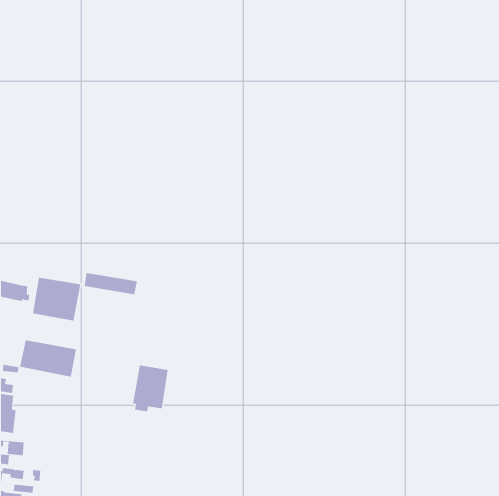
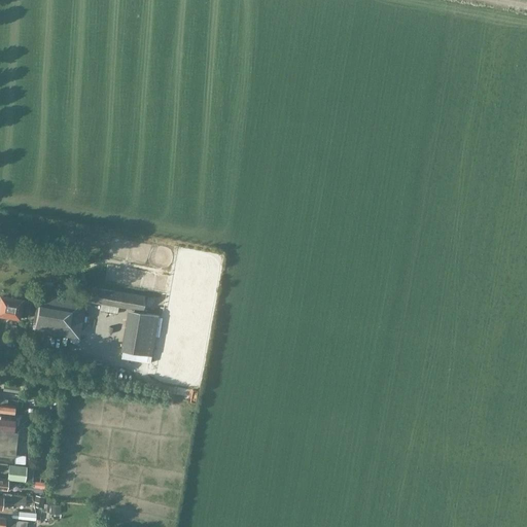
building: [20,339,77,377] -> none
building: [132,365,168,412] -> [119,313,157,362]

